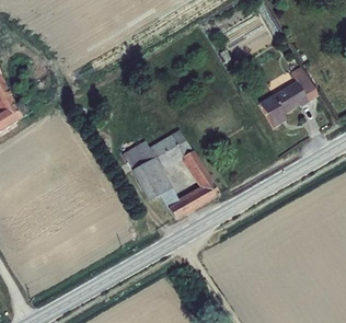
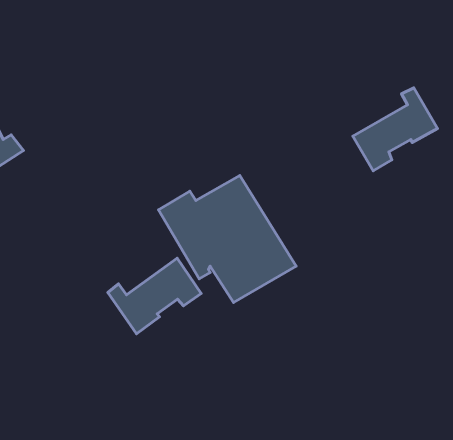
building: none -> [108,258,201,334]

